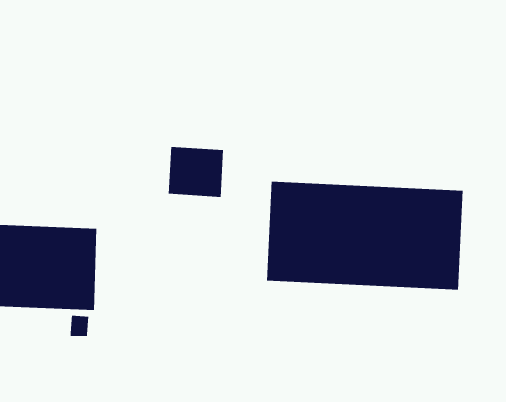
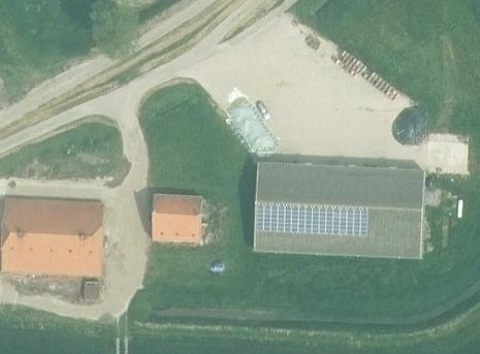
building: [168,146,224,197] -> [154,195,202,239]

